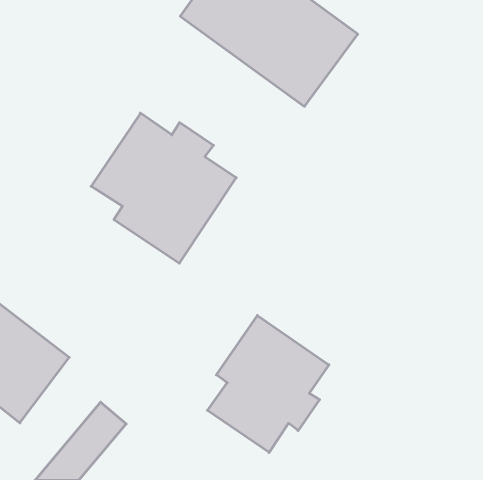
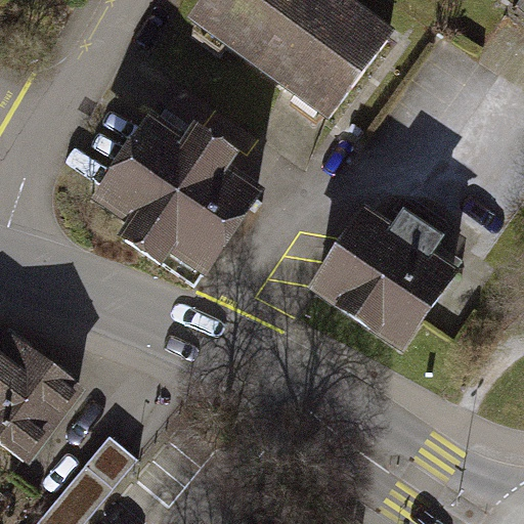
building: none -> [316,205,452,351]
building: [207,315,329,453] -> none

